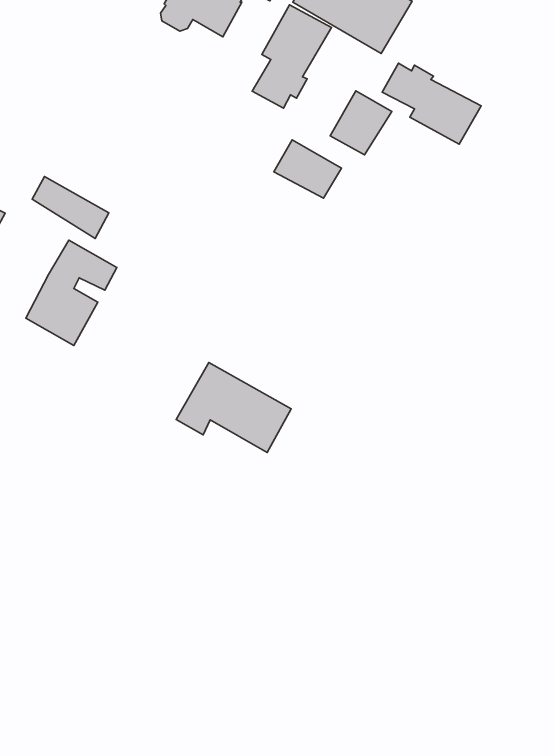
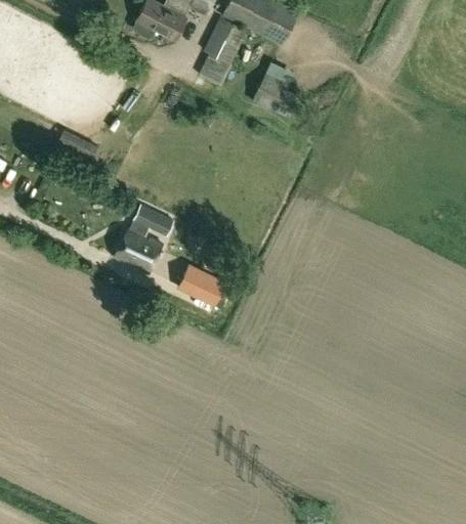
building: [382,63,481,144] -> none
building: [274,140,342,198] -> none
building: [26,240,117,346] -> [117,201,175,270]

